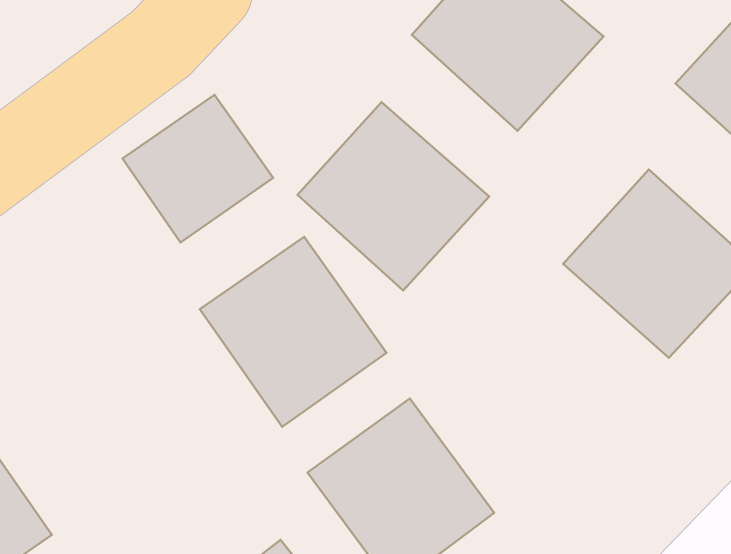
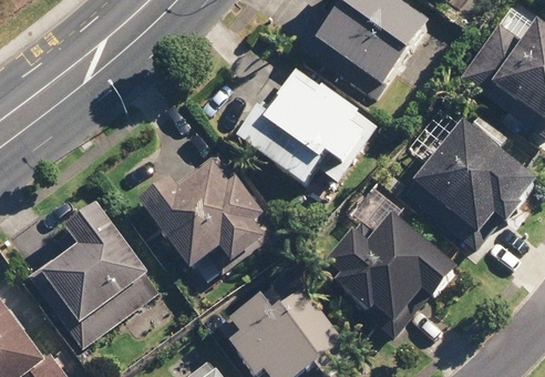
building: [122,95,273,243] -> none
building: none -> [330,208,456,333]
building: none -> [31,220,154,345]

